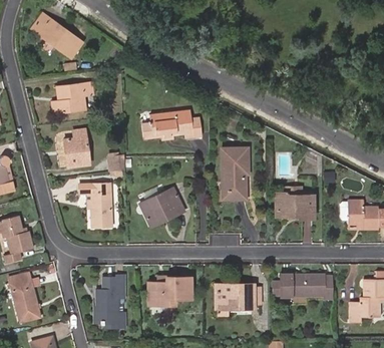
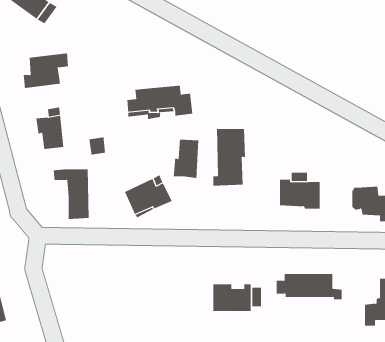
building: none -> [173,139,199,179]
building: [97,275,125,326] -> none
building: [149,277,191,305] -> none

